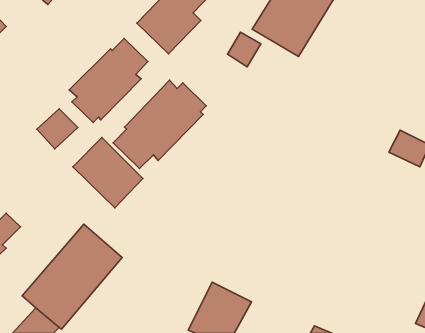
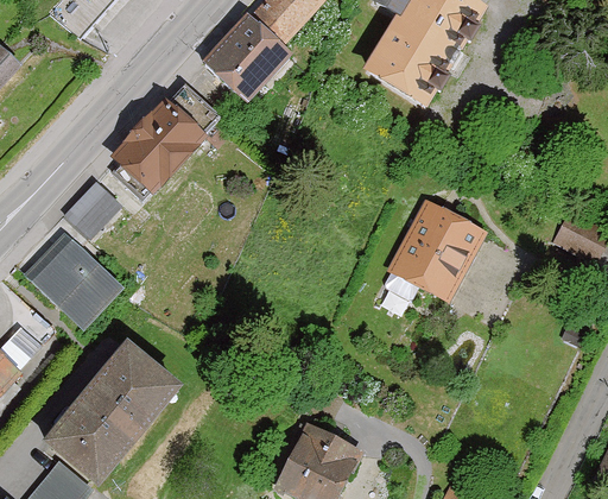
building: [228,32,261,67] -> none
building: [113,80,206,169] -> none
building: none -> [386,196,486,301]
building: [73,138,143,208] -> [23,230,120,328]

